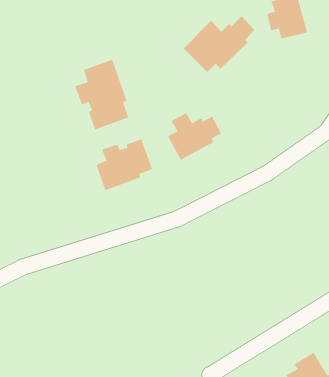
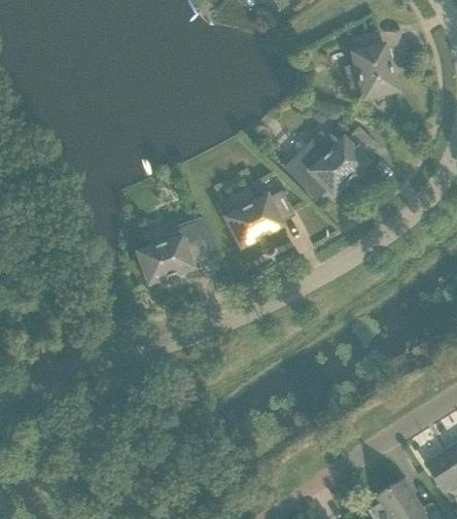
building: [183,16,255,73] -> [285,129,374,199]
building: [75,59,129,130] -> none

